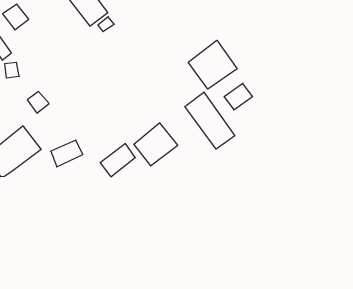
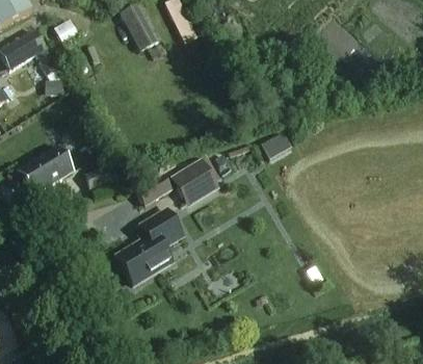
building: [188,40,237,89] -> none
building: [185,92,235,149] -> none
building: none -> [114,209,182,284]

